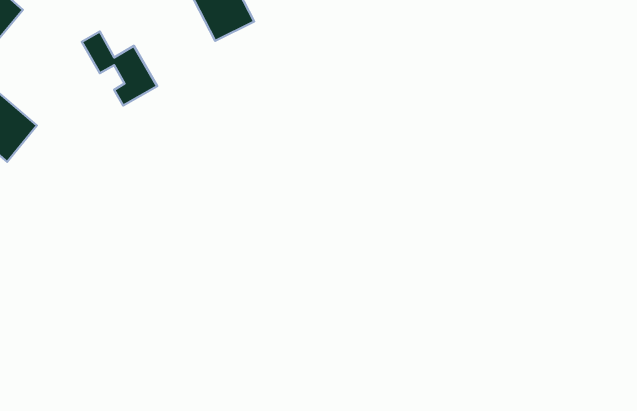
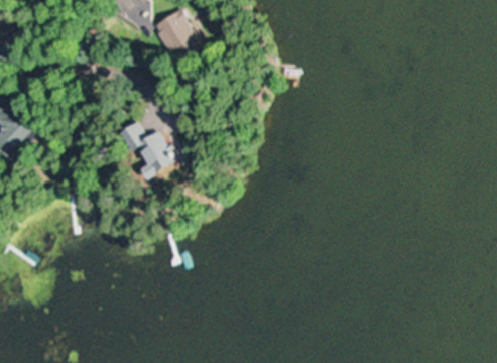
building: [82,32,157,106] -> [122,121,180,178]

